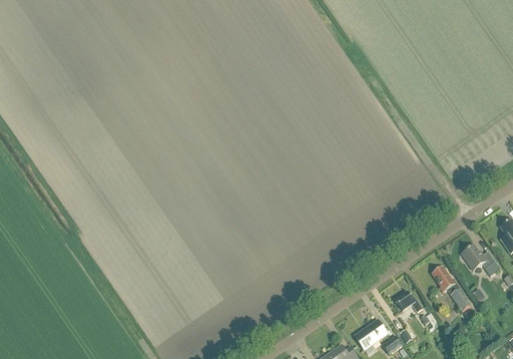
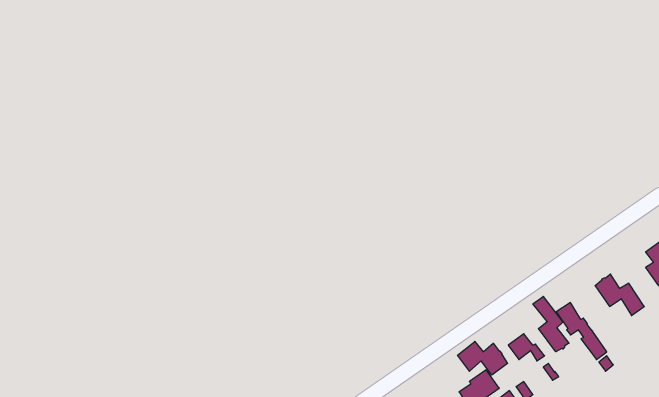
building: none -> [533,296,569,352]
building: none -> [458,341,508,375]

